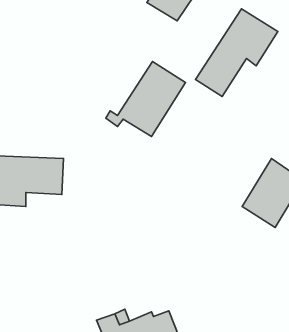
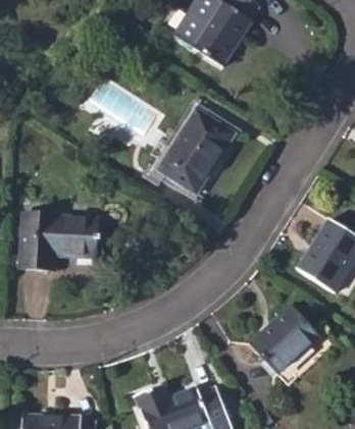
building: [196,9,278,97] -> none
building: none -> [249,305,320,374]

